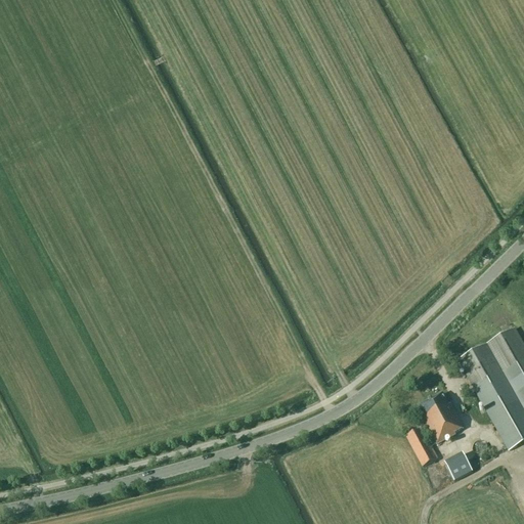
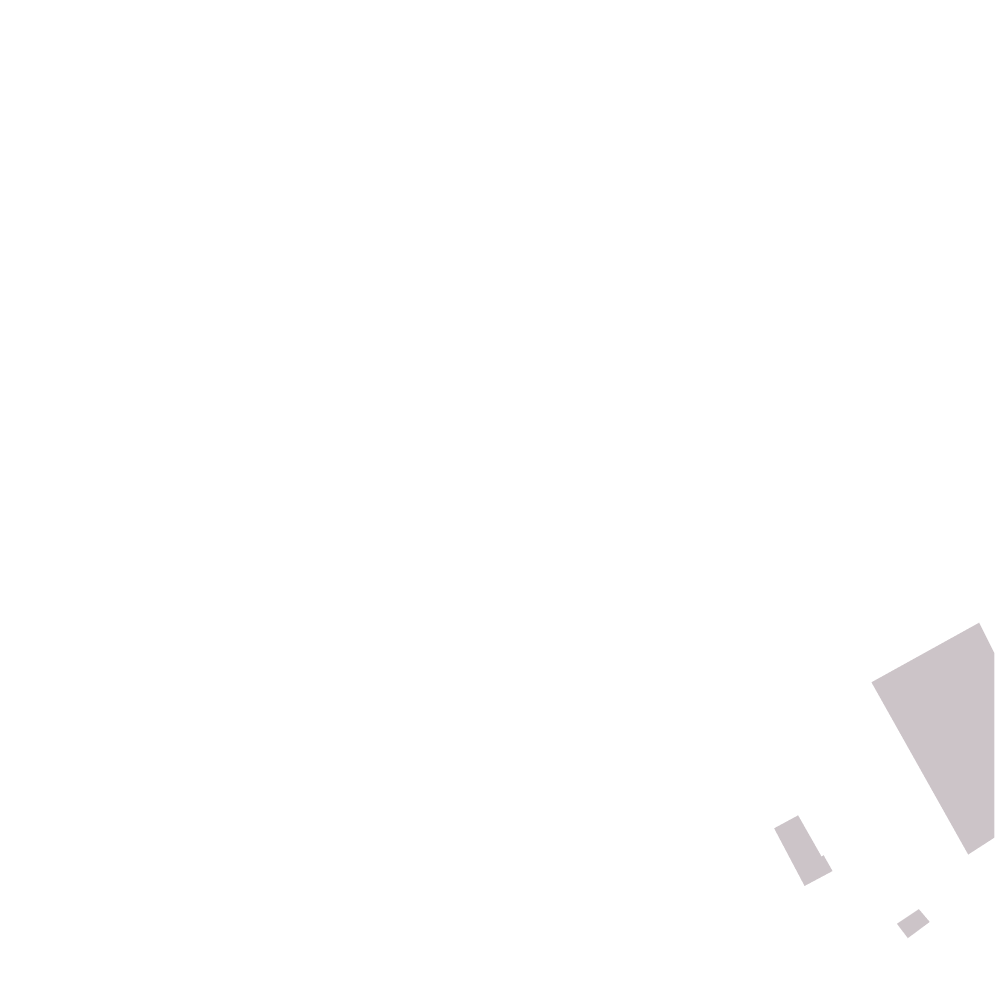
building: [418,392,464,443] -> none
building: [444,452,472,480] -> none

